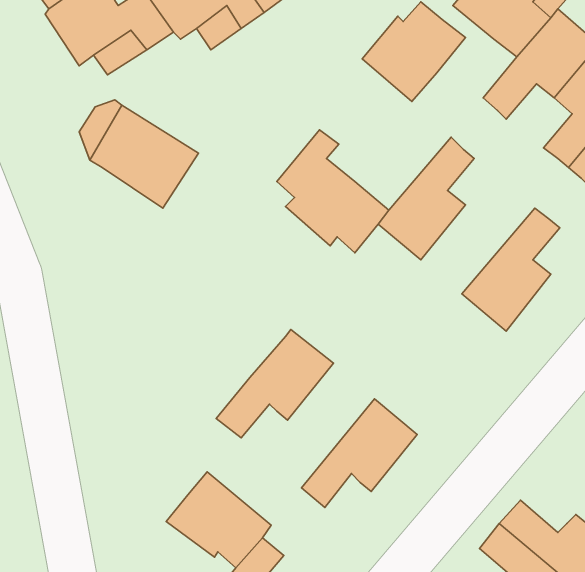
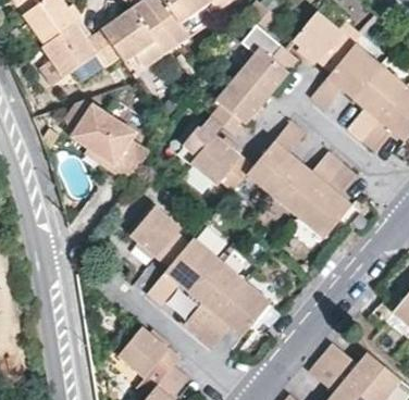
building: none -> [209,73,267,137]
building: none -> [272,151,342,216]
building: none -> [129,205,189,267]
building: none -> [184,259,244,335]

